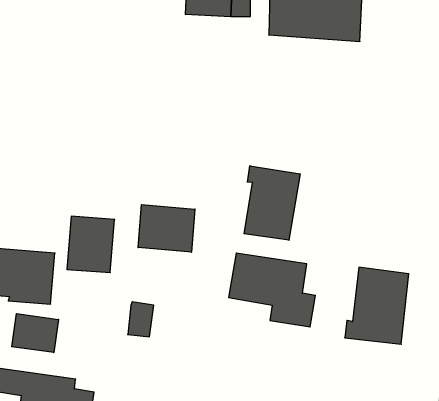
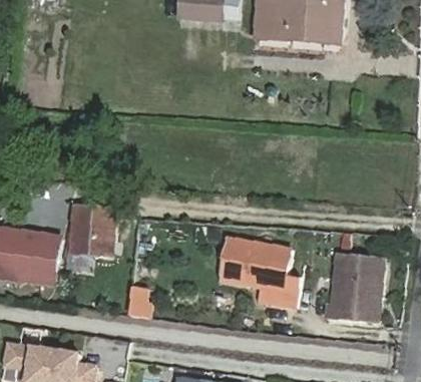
building: [244,166,300,240] -> none
building: [138,205,195,252] -> none
building: [12,314,59,353] -> none

